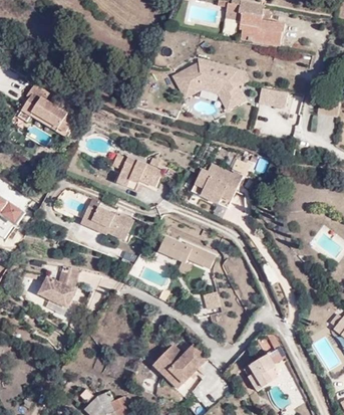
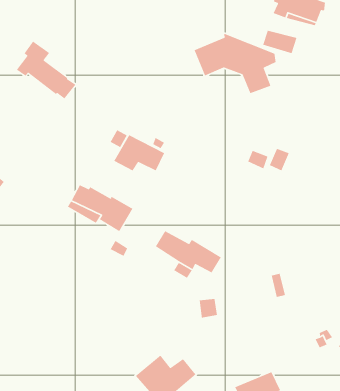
building: [259,88,289,108] -> [262,30,298,54]
building: [192,164,243,210] -> none
building: [39,265,79,308] -> none

